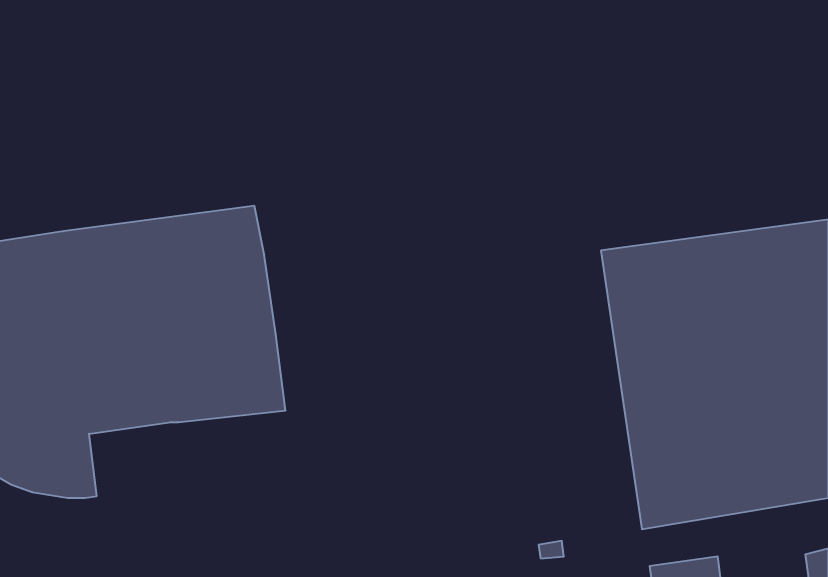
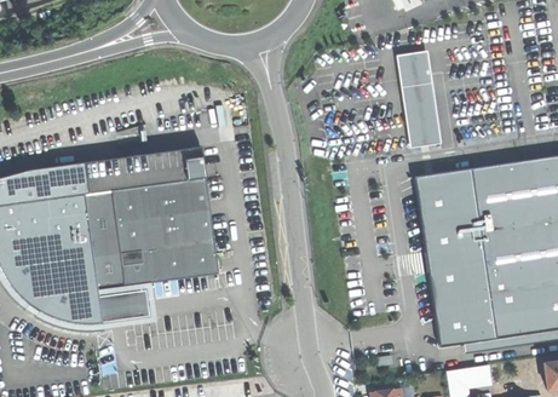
building: none -> [396,48,442,146]
building: none -> [97,281,157,327]

